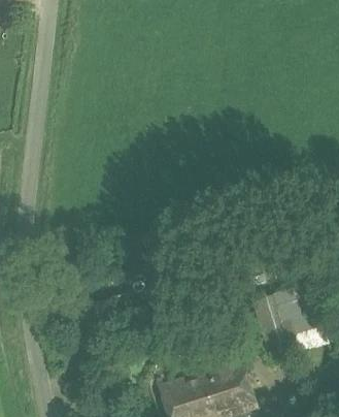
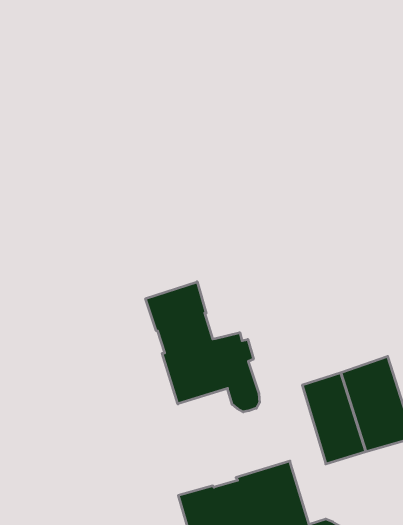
building: none -> [146,282,259,412]

